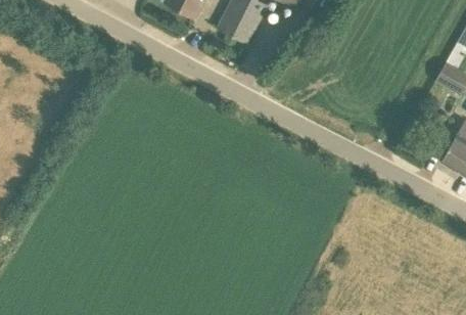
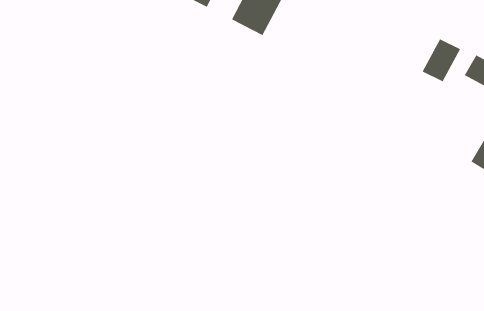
building: none -> [422,39,461,82]

